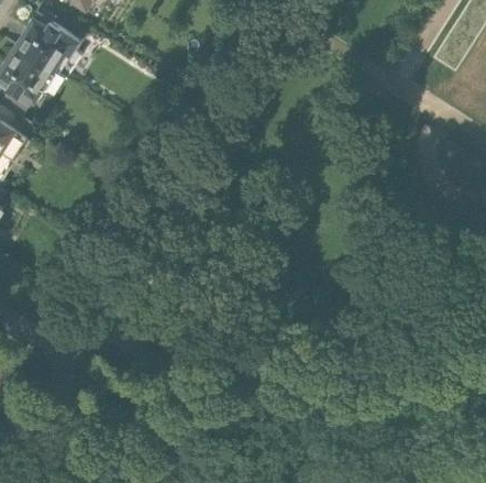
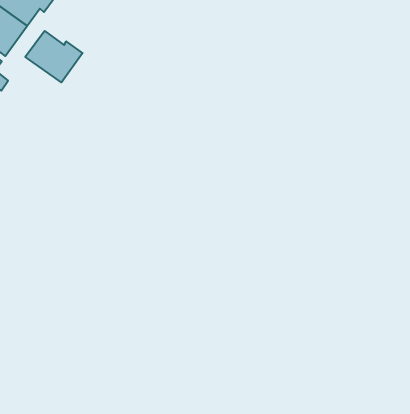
building: none -> [25,31,83,82]

